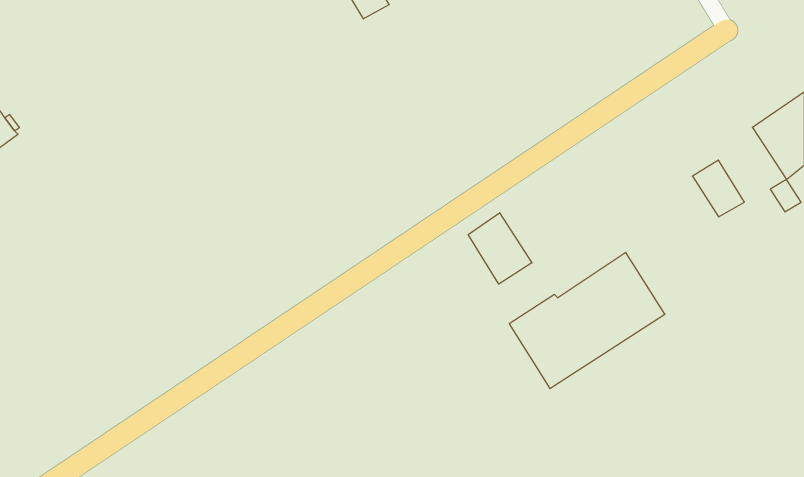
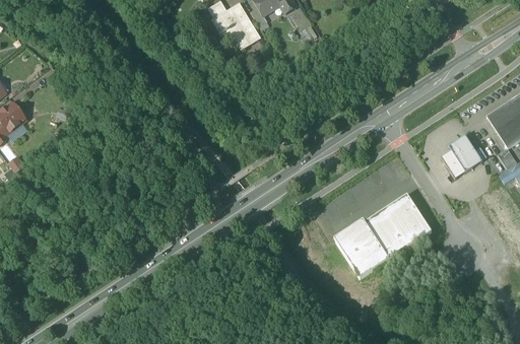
building: [468,213,532,284] -> none

